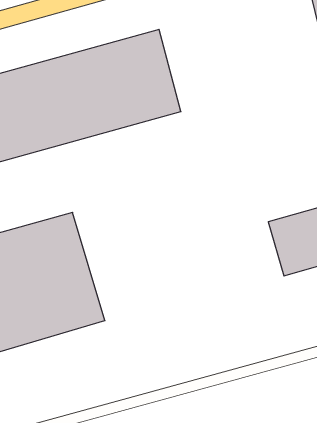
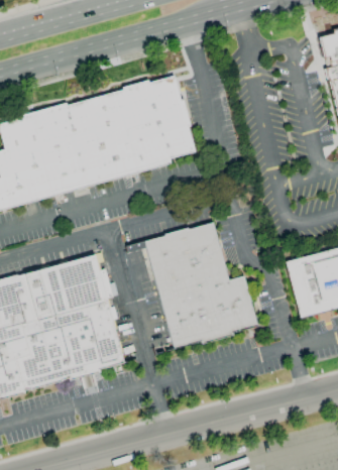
building: none -> [141,224,256,350]

